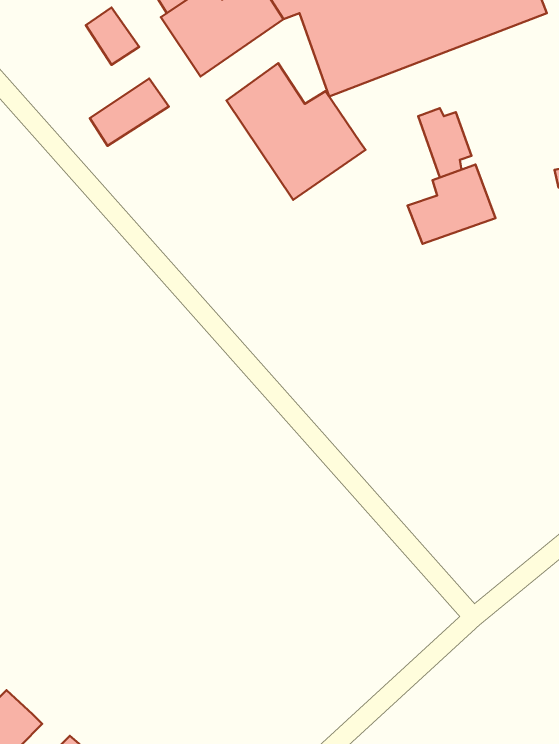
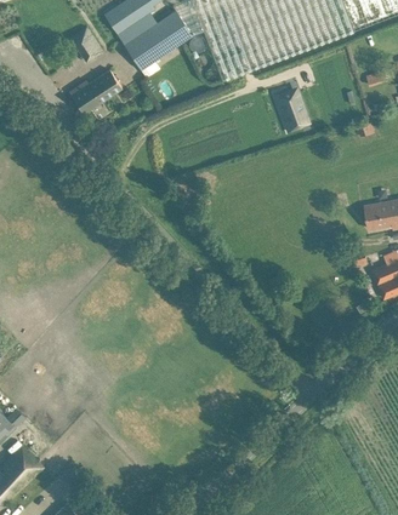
building: [226,63,365,200] -> none
building: [407,165,495,244] -> none

